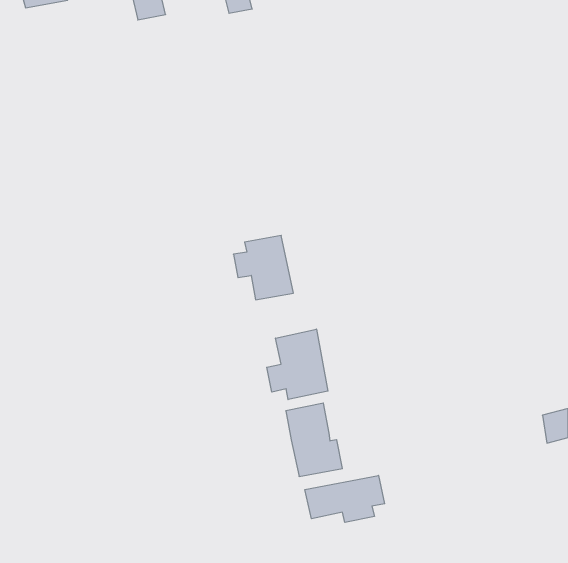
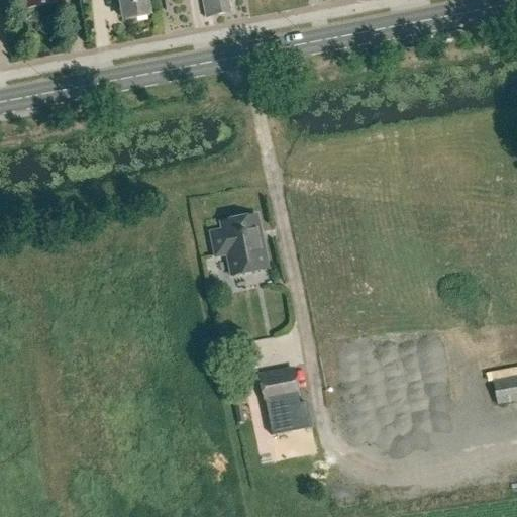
building: [267,329,328,400] -> none
building: [305,475,385,522] -> none

